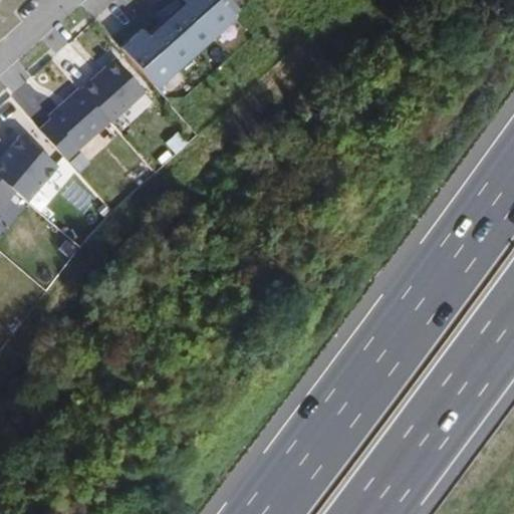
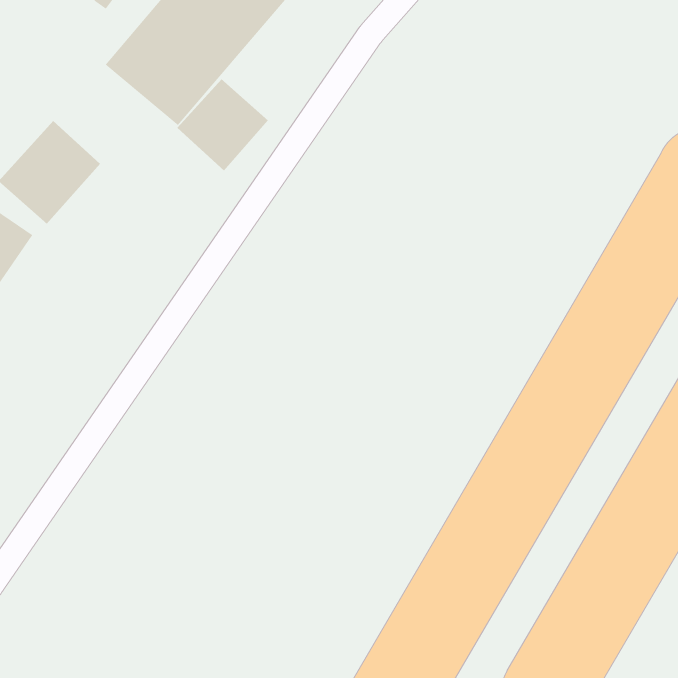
building: [80,56,144,119] -> [177,78,269,171]

